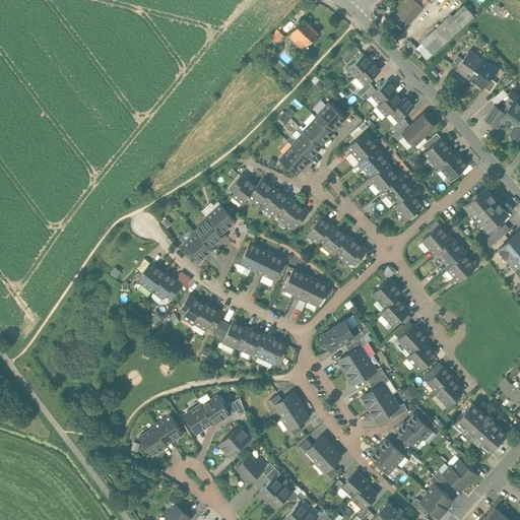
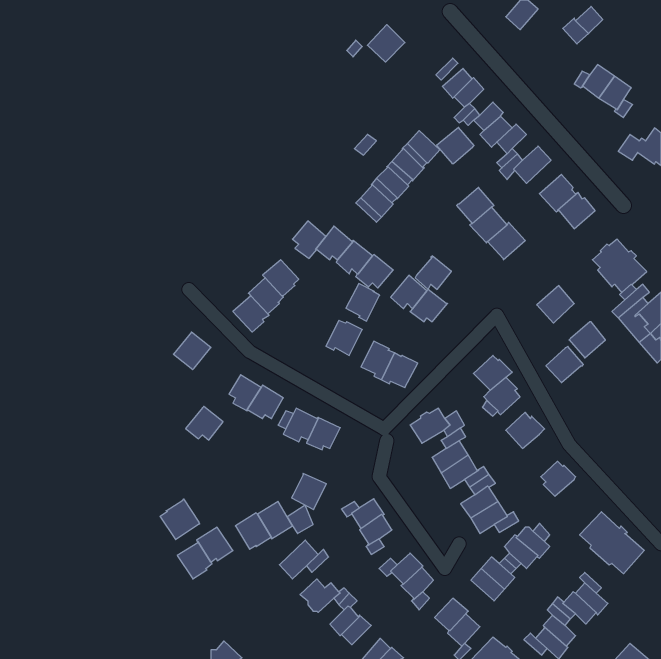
building: [420,23,453,55] -> none
building: [347,133,377,161] -> [437,127,474,164]
building: [393,192,422,220] -> none
building: [338,239,367,265] -> [415,256,451,289]
building: [436,239,465,267] -> [546,346,583,383]
building: [240,244,266,273] -> [346,284,380,321]
building: [152,273,182,300] -> [186,406,223,440]
building: [258,336,285,365] -> [292,473,326,510]
building: [406,342,435,372] -> none
building: [434,378,462,406] -> none
building: none -> [160,499,200,540]

